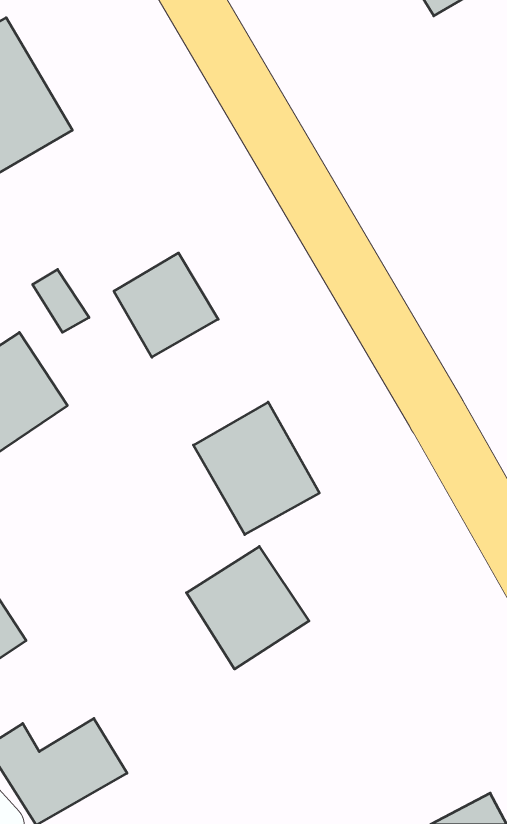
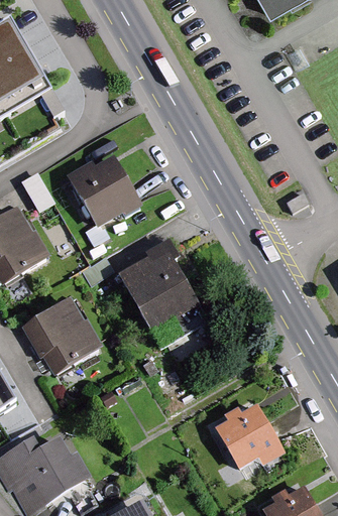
building: [186,546,309,669] -> [24,297,99,372]
building: none -> [214,407,278,470]

